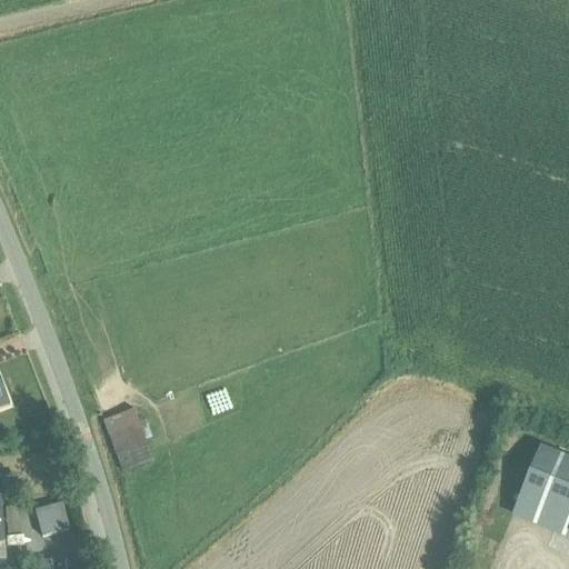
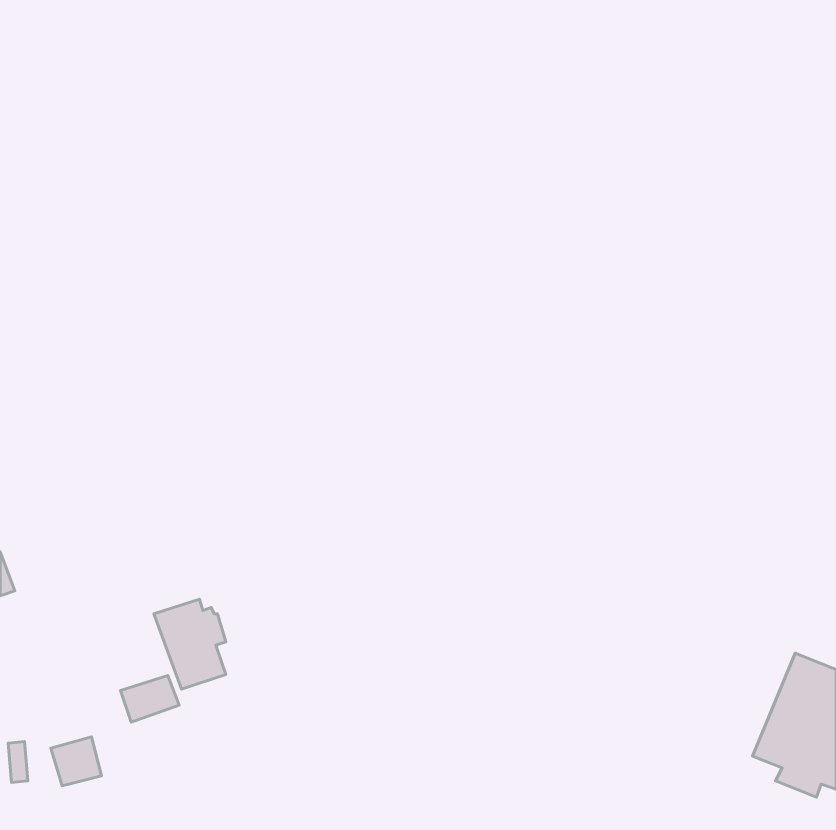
building: none -> [121,676,179,722]

